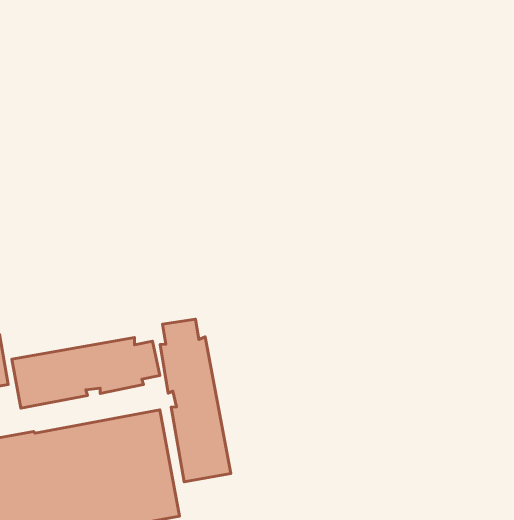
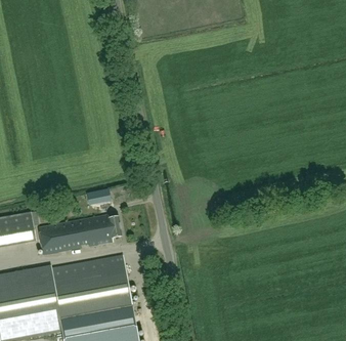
building: [160,319,231,482] -> none

